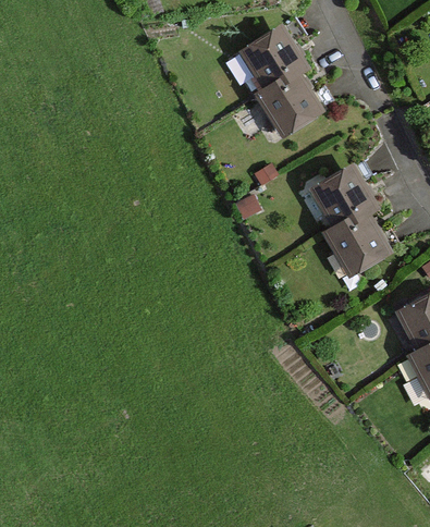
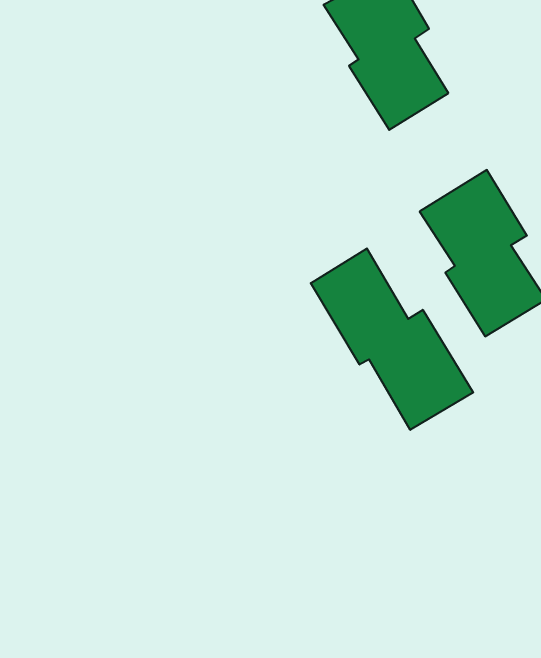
building: none -> [311,248,473,430]

